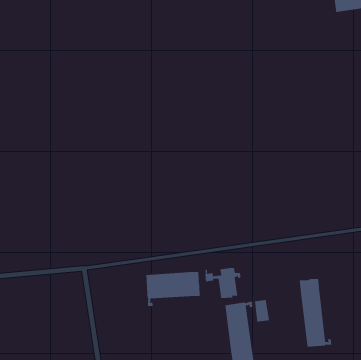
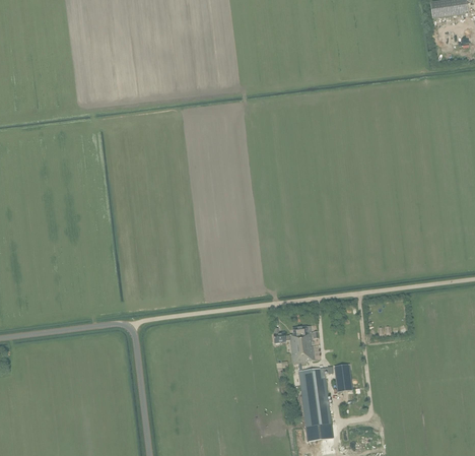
building: [146,271,200,307] -> none
building: [299,278,332,348] -> none

